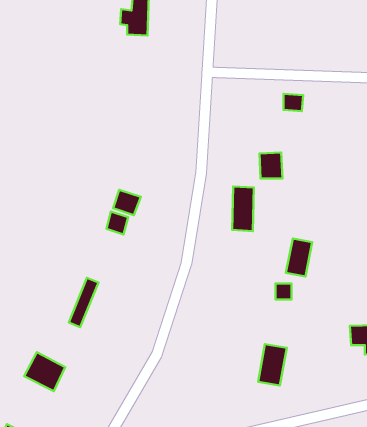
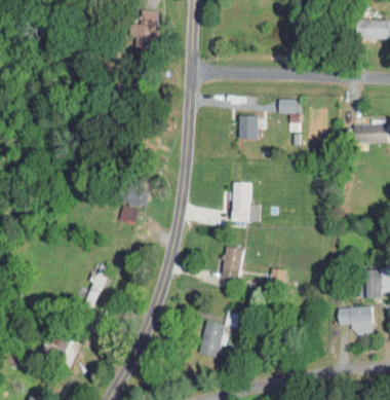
building: [260,152,282,179] -> [238,115,259,139]
building: [286,239,312,276] -> [221,247,244,281]
building: [258,344,287,385] -> [200,321,226,358]

